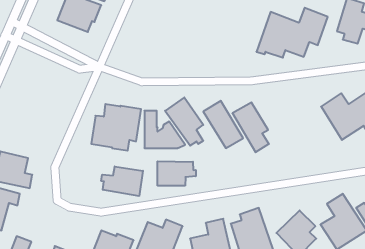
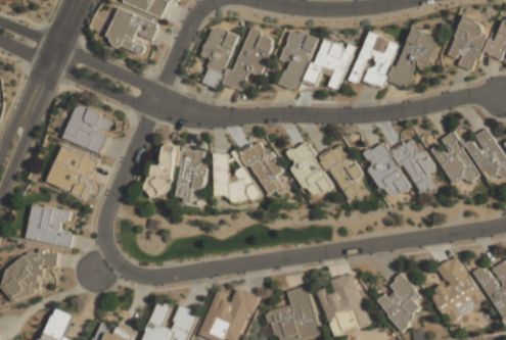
building: none -> [202,26,234,88]
building: none -> [227,27,275,91]
building: none -> [280,29,354,91]
building: none -> [62,104,116,154]
building: none -> [360,137,435,200]
building: none -> [47,146,98,196]
building: [158,161,196,186] -> none
building: [101,166,143,196] -> none

